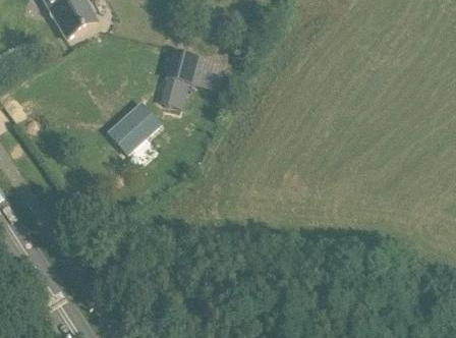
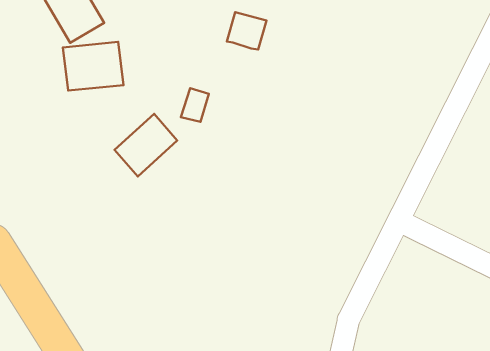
building: none -> [63,42,123,91]
building: [168,51,203,83] -> [227,12,266,50]

